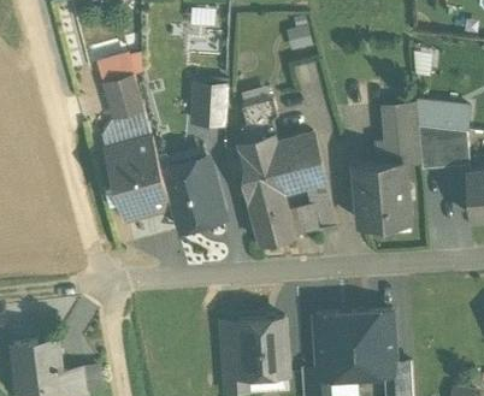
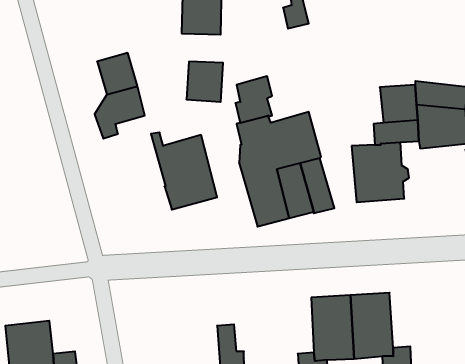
building: [90,55,134,83] -> none
building: [110,136,171,218] -> none
building: [237,317,287,376] -> none

